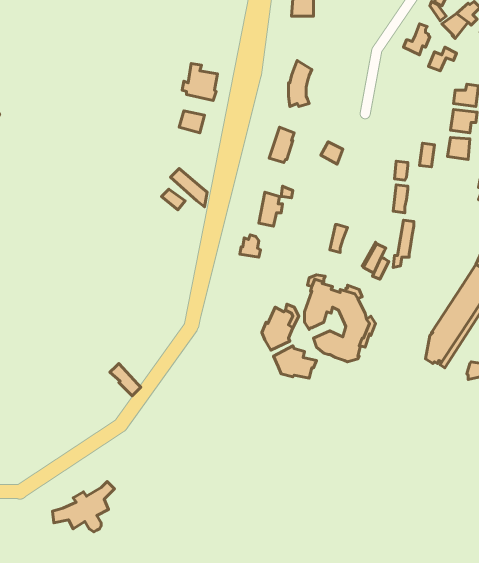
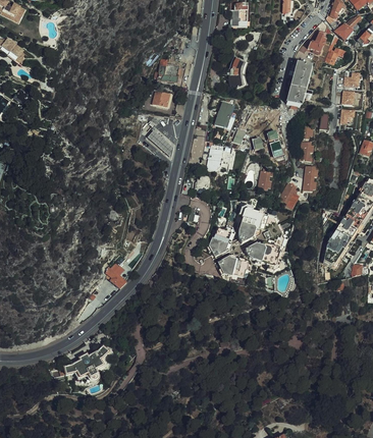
building: none -> [286,62,311,106]

